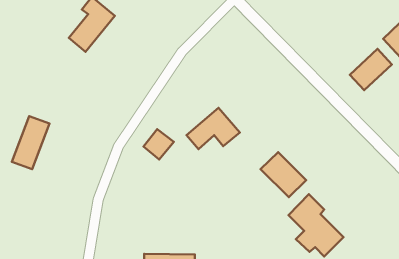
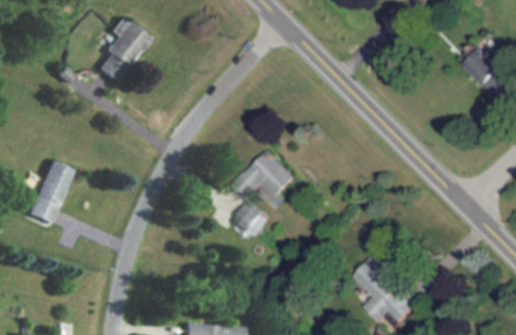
building: [350,49,392,90] -> none
building: [143,129,174,159] -> [232,201,268,237]
building: [261,152,306,197] -> none

